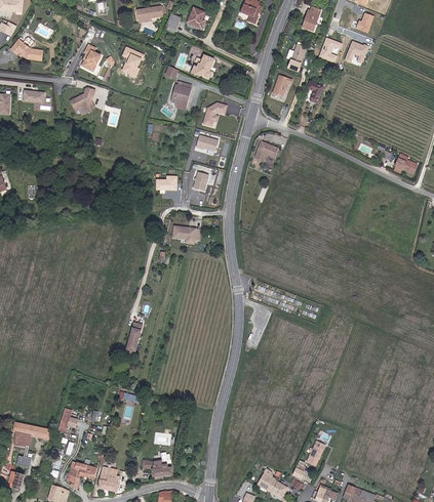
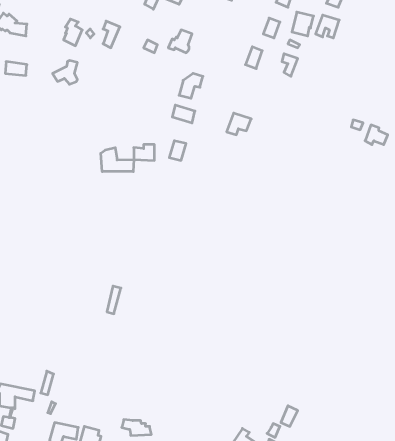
building: [171,82,192,110] -> none
building: none -> [101,148,134,172]
building: [172,225,201,244] -> none

